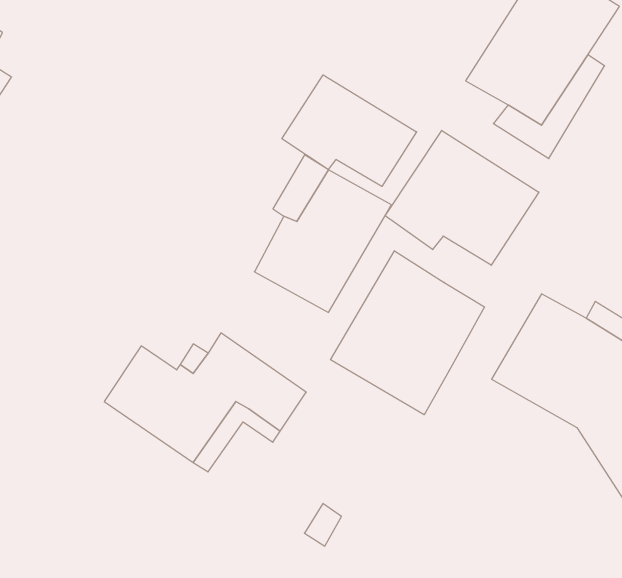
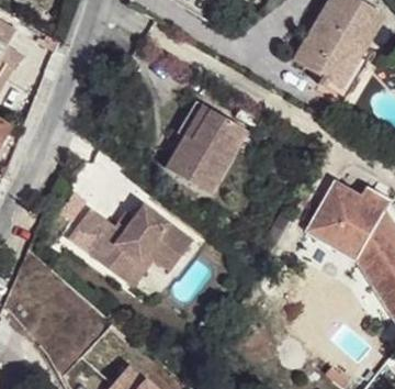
building: [282,75,417,186] -> none
building: [385,130,539,265] -> none
building: [331,251,485,415] -> none

